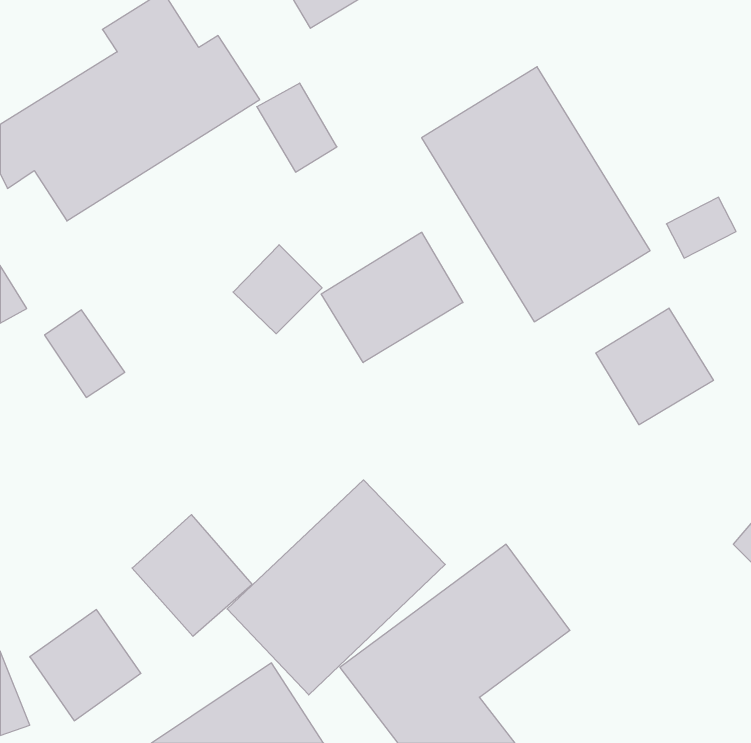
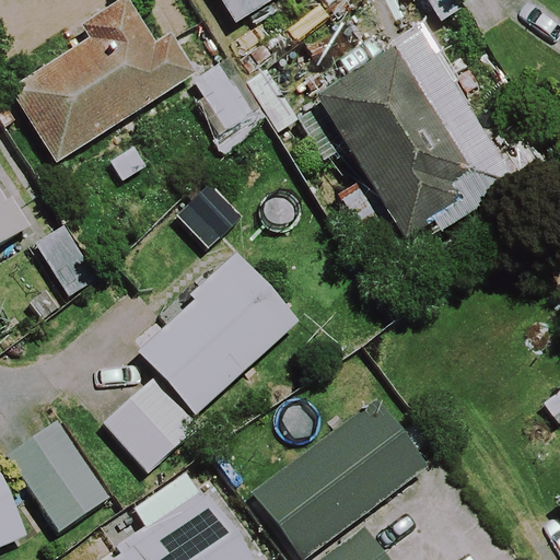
building: [321,232,463,363] -> none
building: [596,308,713,425] -> none
building: [227,480,445,695] -> [136,255,296,413]

